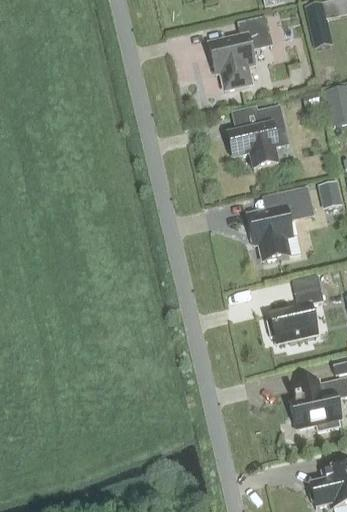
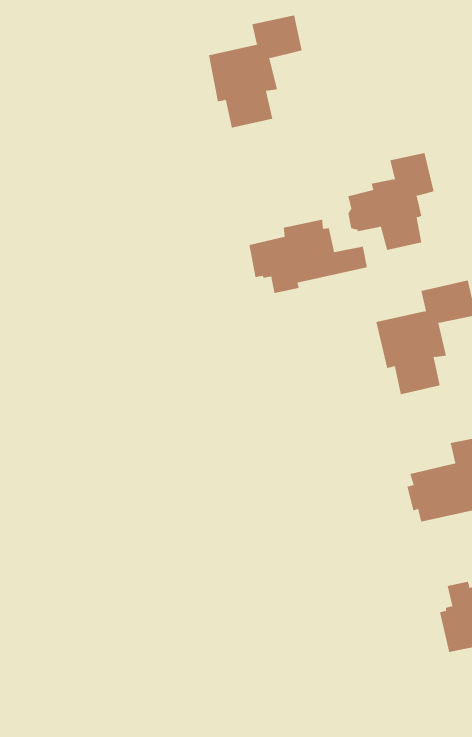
building: [210,16,271,89] -> [208,15,303,128]
building: none -> [249,219,367,294]

